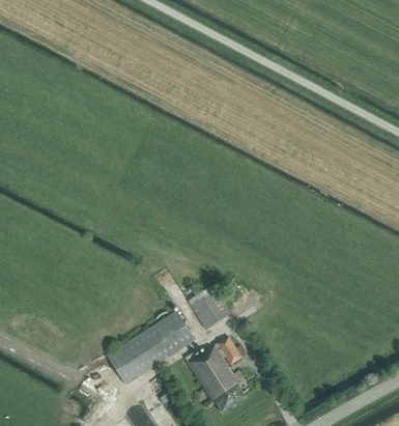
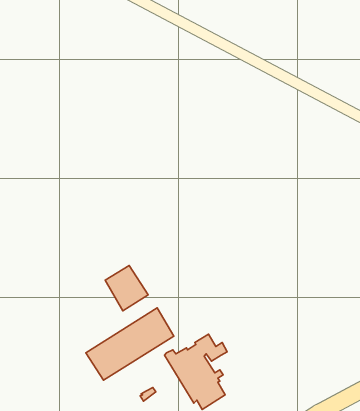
building: [188,284,230,329] -> [105,266,148,311]

